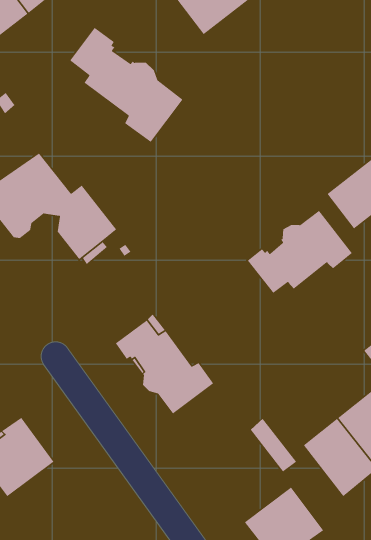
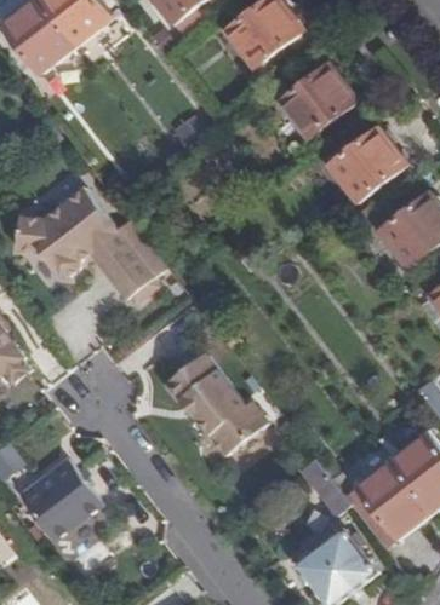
building: [69,27,183,143] -> none
building: none -> [279,63,356,138]
building: none -> [327,126,405,201]
building: [247,210,353,294] -> none

